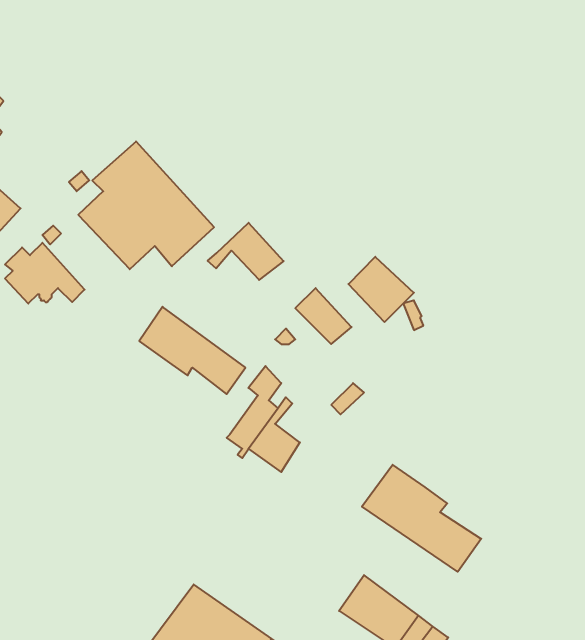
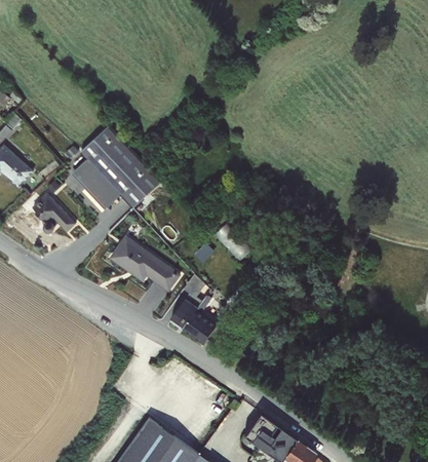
building: [208,223,284,280] -> none
building: [348,257,414,322] -> none
building: [362,465,481,572] -> none

